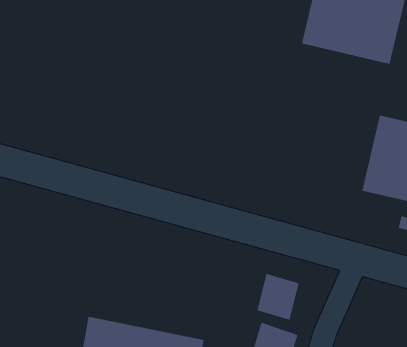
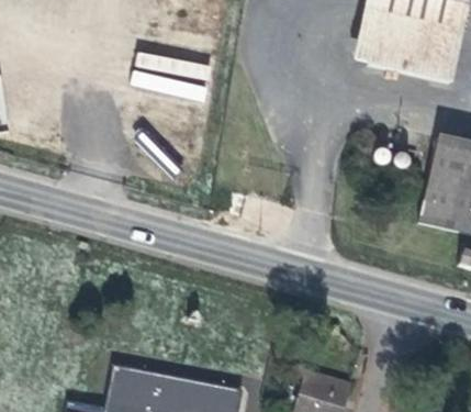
building: [257,273,299,320] -> none

